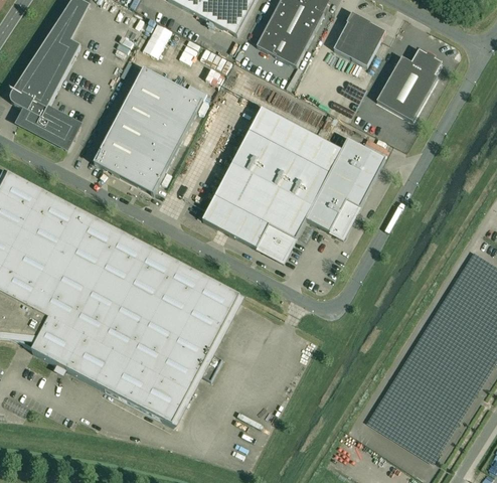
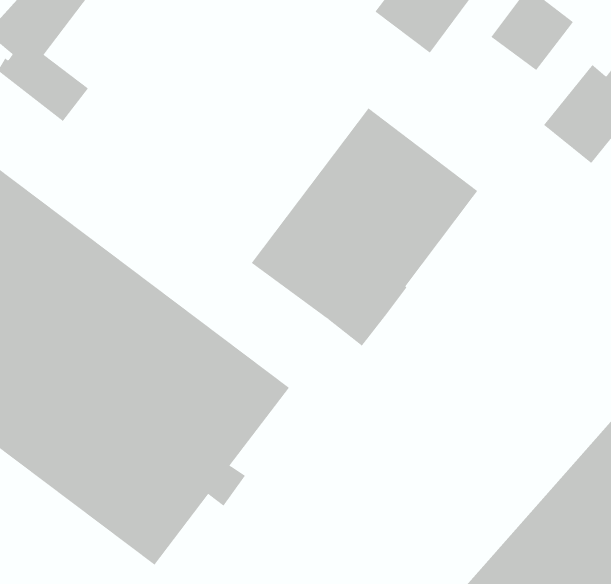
building: [94,66,202,192] -> none
building: [305,137,385,236] -> none

